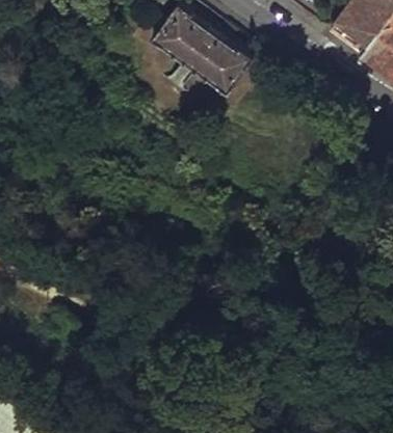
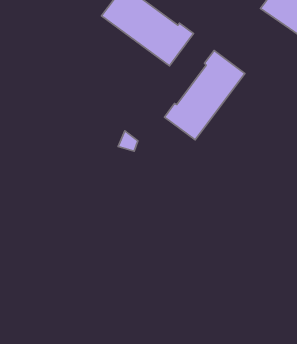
building: none -> [164,51,245,140]

